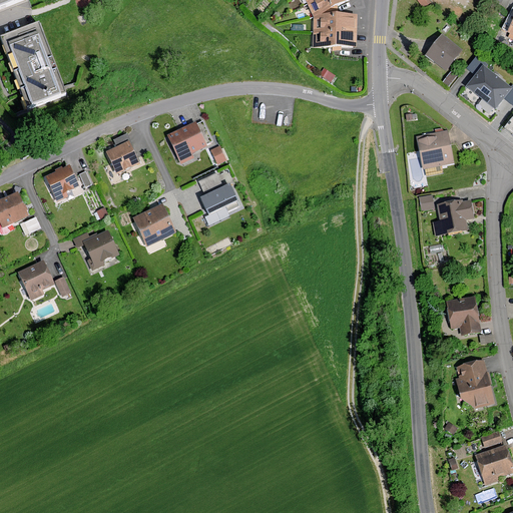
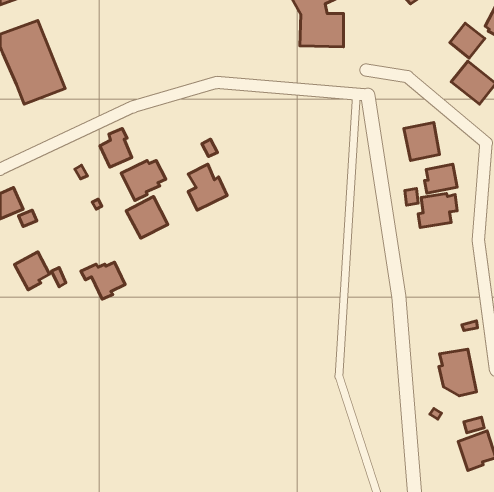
building: [426,33,462,69] -> [450,23,485,58]
building: [166,120,212,161] -> [121,161,166,200]
building: [44,164,77,200] -> none
building: none -> [424,164,457,193]
building: [72,229,118,268] -> [81,262,125,299]
building: [446,296,481,336] -> none

